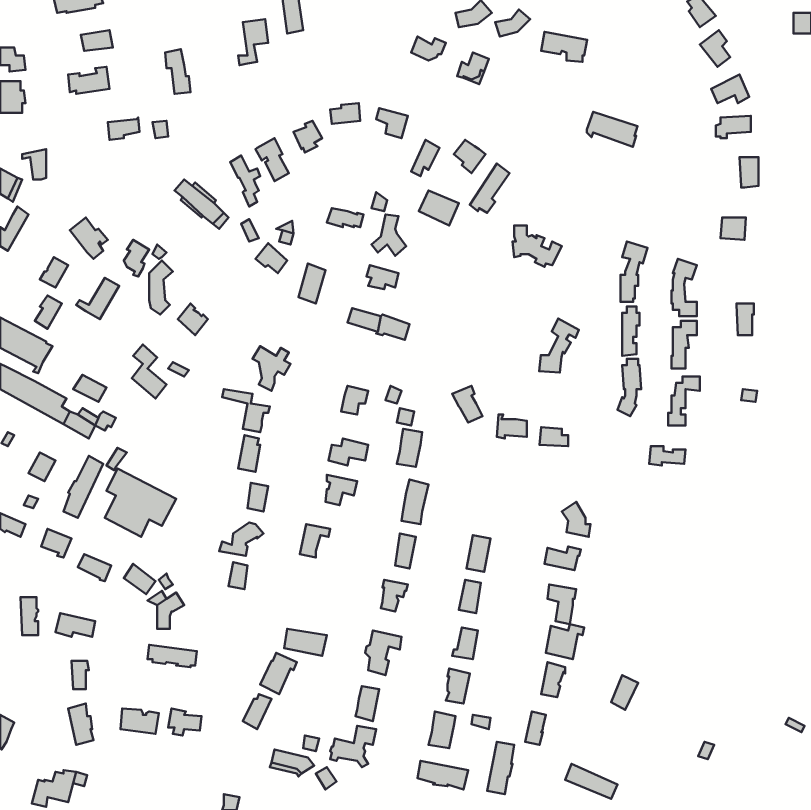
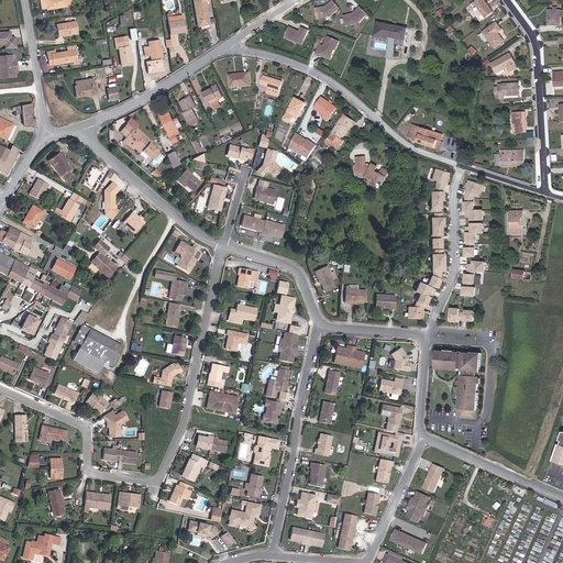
building: none -> [144,38,166,74]
building: [587,112,638,147] -> [408,124,443,148]
building: [539,319,579,373] -> [407,283,434,320]
building: none -> [333,346,363,369]
building: none -> [435,351,479,417]
building: none -> [206,390,239,412]
building: none -> [407,490,430,522]

